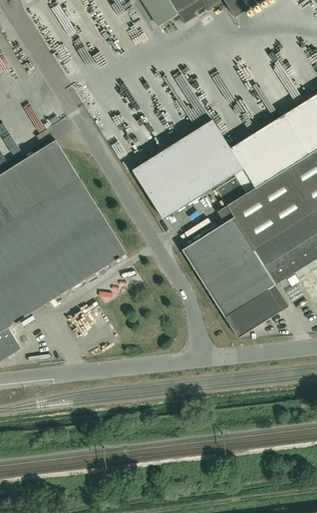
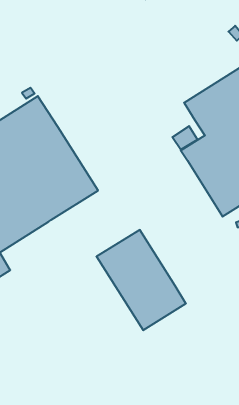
building: [130,119,242,219] -> none
building: [181,217,288,338] -> [96,230,186,330]

